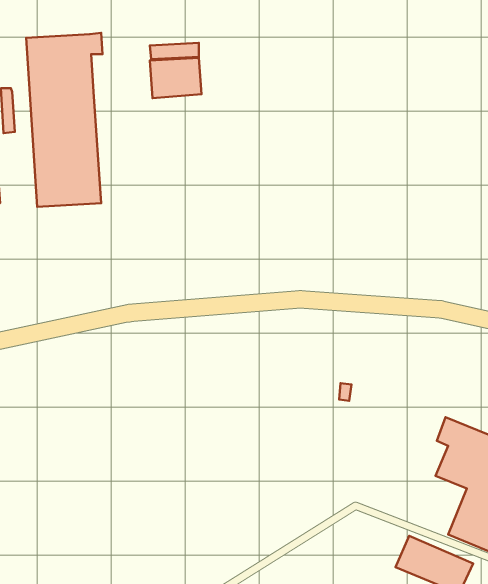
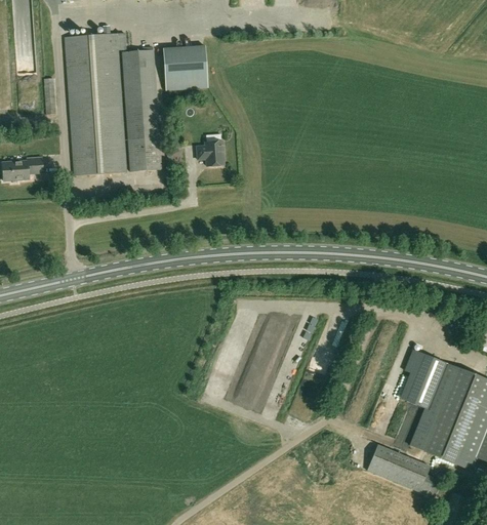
building: none -> [122,50,162,172]
building: none -> [197,143,225,167]

